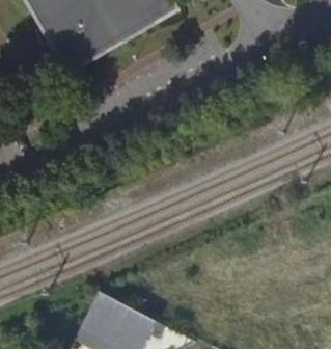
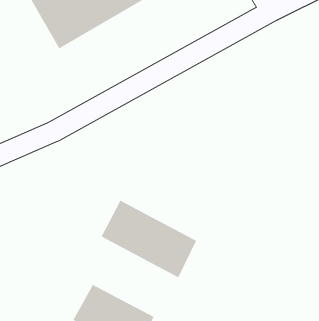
building: none -> [101,200,197,278]

